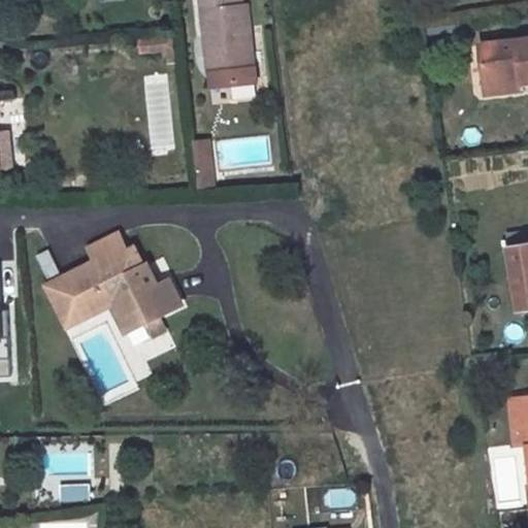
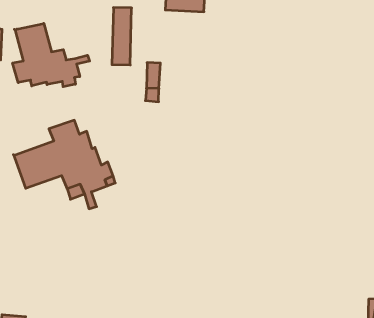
building: none -> [13,23,90,87]

